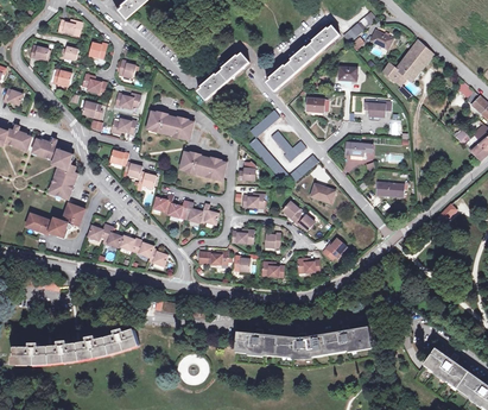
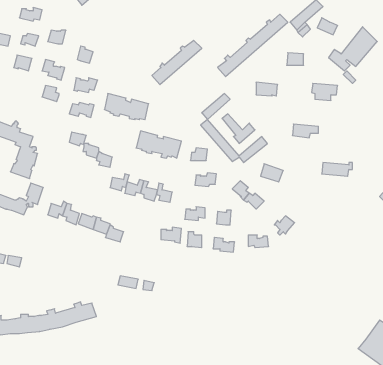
building: [235,324,372,355] -> none

